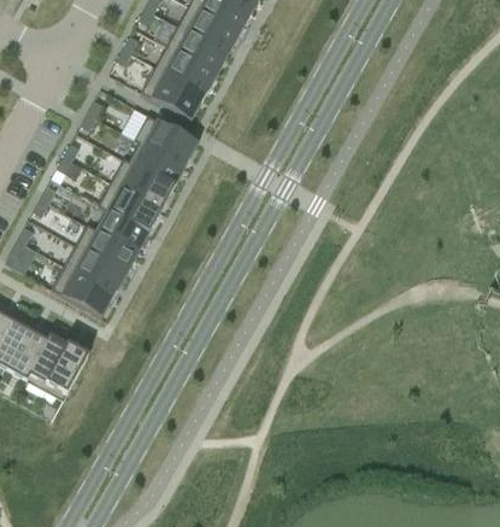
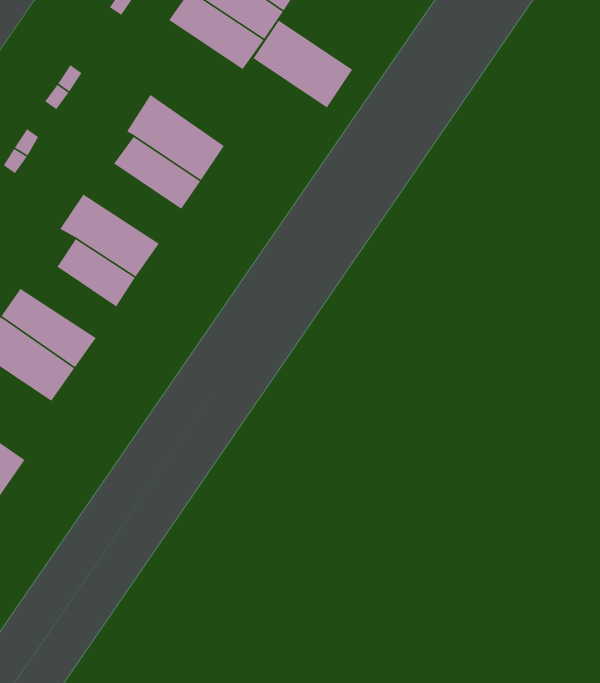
building: [141,65,206,119] -> [252,19,353,109]
building: [111,157,175,209] -> none
building: [76,223,139,273] -> none

